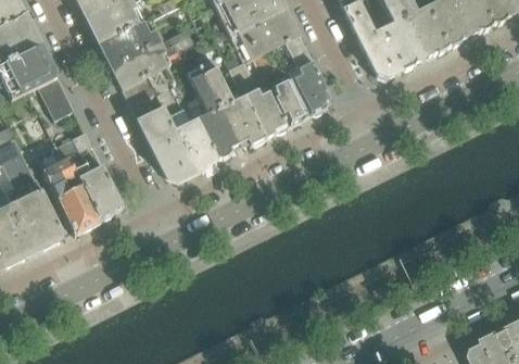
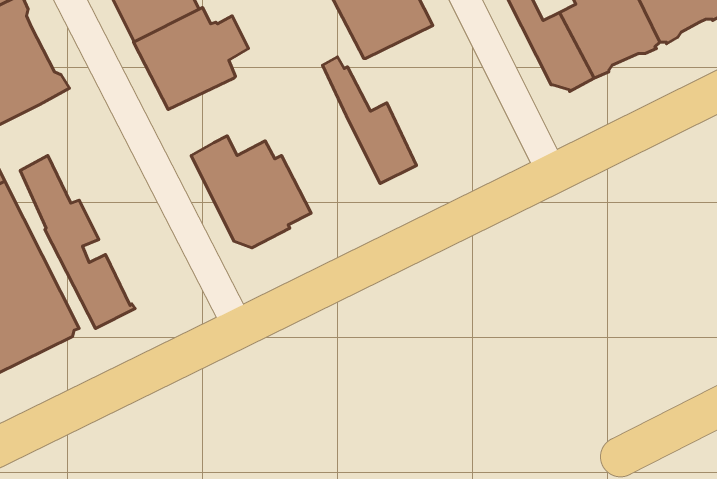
building: [253,34,329,126] -> none
building: [187,47,263,158] -> none
building: [123,68,173,120] -> none
building: [38,75,74,118] -> none
building: [61,130,123,218] -> none

